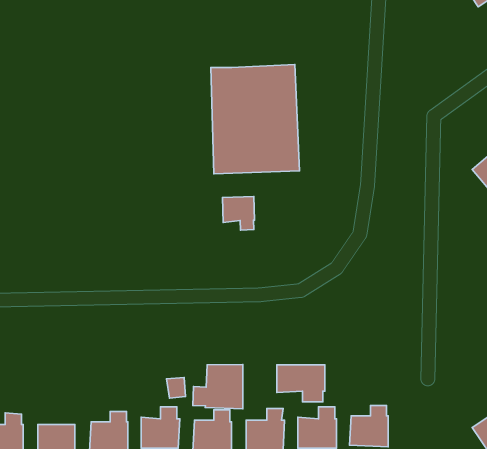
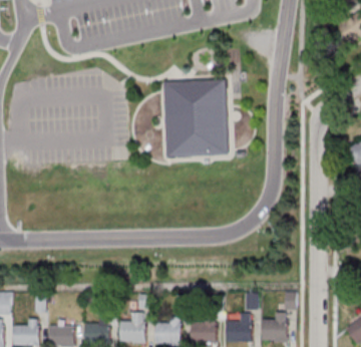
building: [222,196,255,230] -> none
building: [193,364,243,409] -> none
building: [277,365,325,402] -> none

